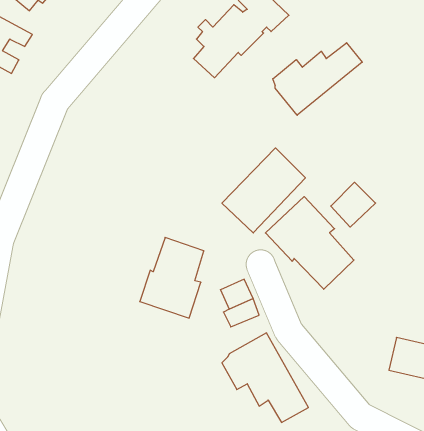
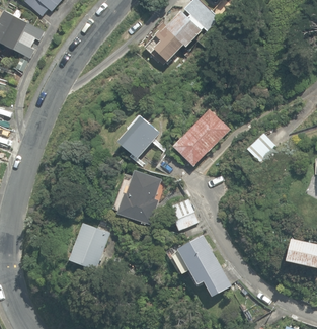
building: [273,43,362,115] -> none
building: none -> [118,116,160,158]
building: [265,197,354,289] -> none
building: none -> [69,223,109,270]

